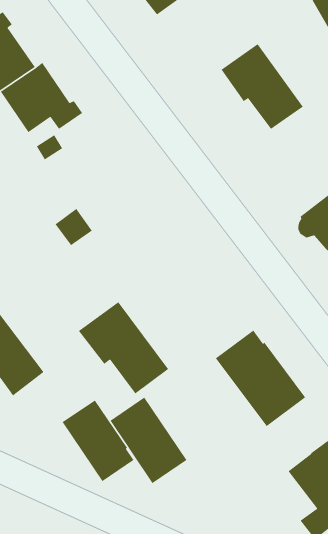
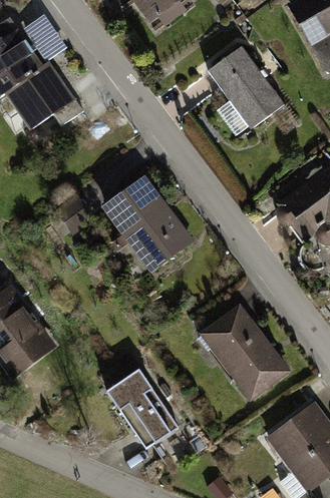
building: none -> [26,13,68,57]
building: [78,301,169,394] -> [106,179,190,265]
building: [62,399,135,482] -> none

